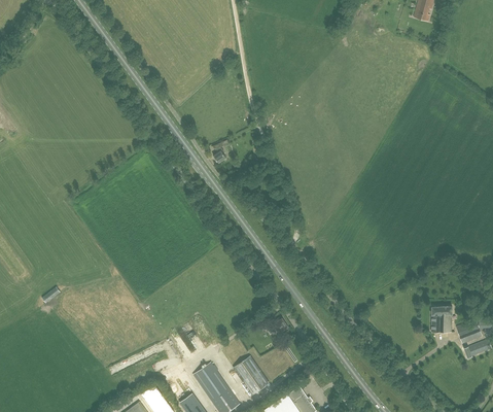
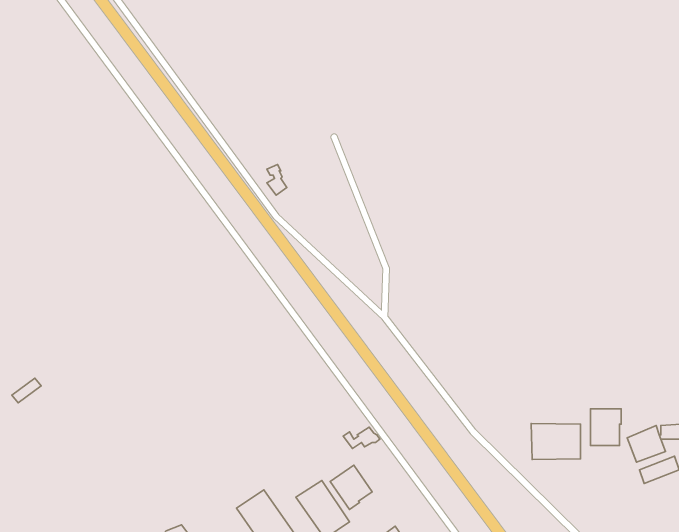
building: none -> [531,424,580,459]
building: none -> [330,465,372,509]

